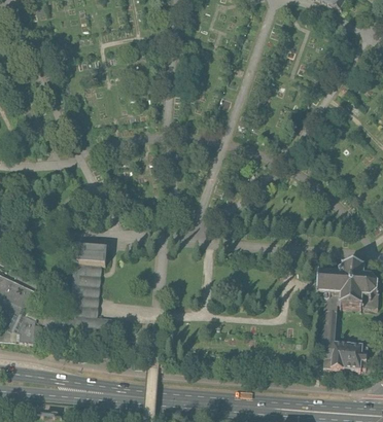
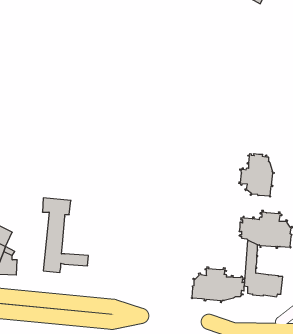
building: none -> [239,154,274,197]
building: none -> [191,267,244,303]

